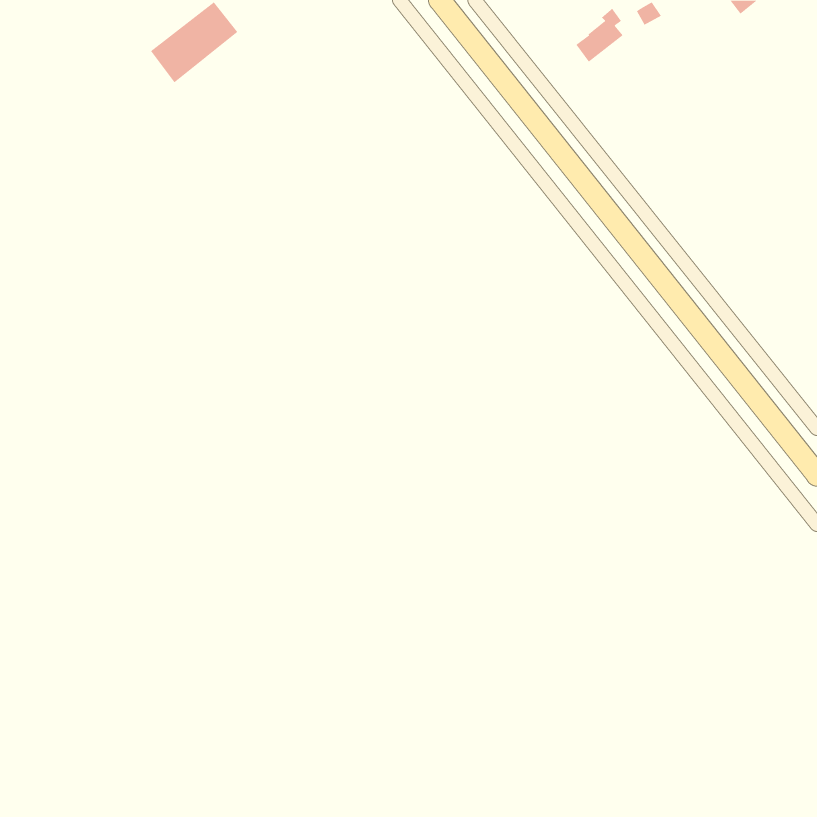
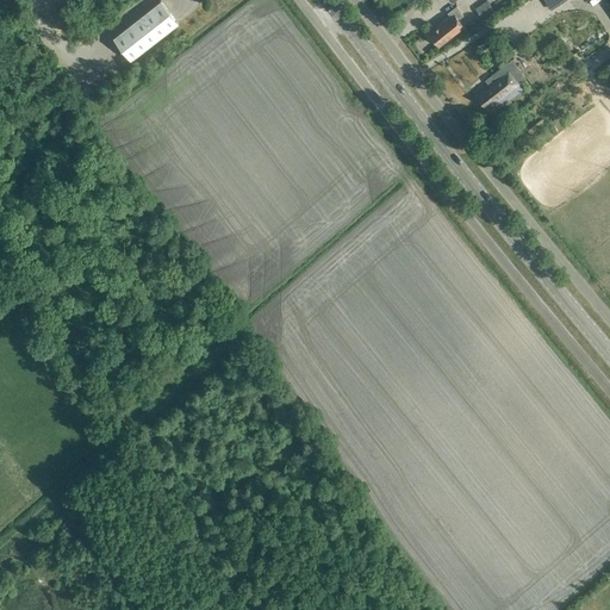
building: none -> [478,64,522,119]

